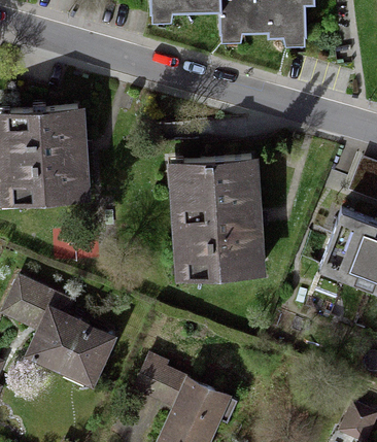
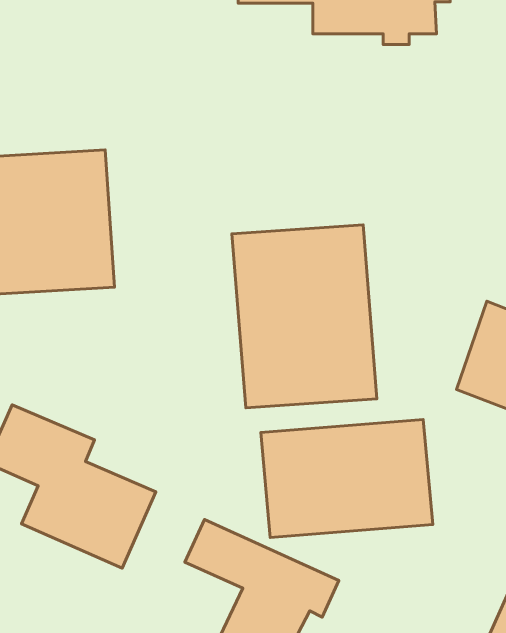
building: none -> [261,420,433,537]

